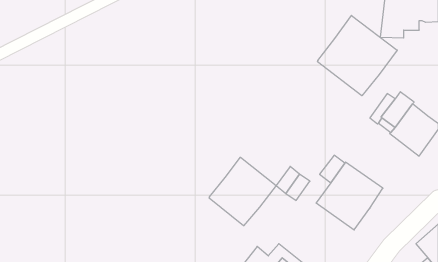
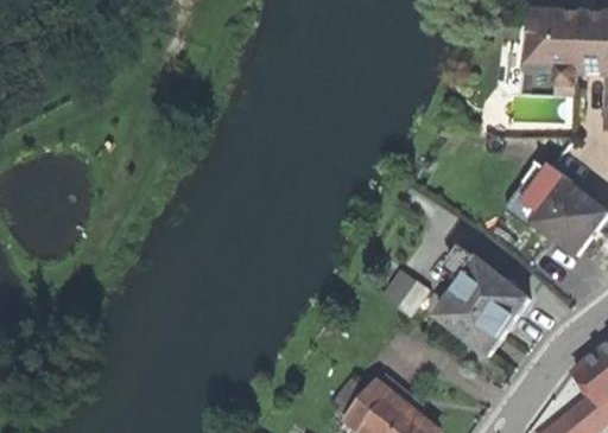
building: [317,15,397,96] -> none
building: [209,157,276,226] -> none

